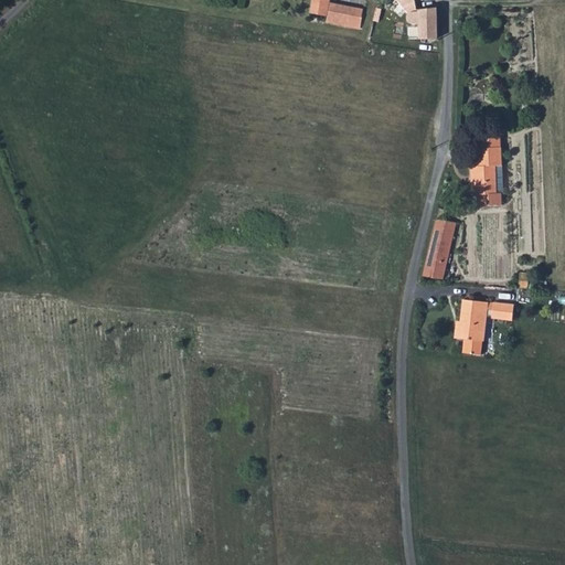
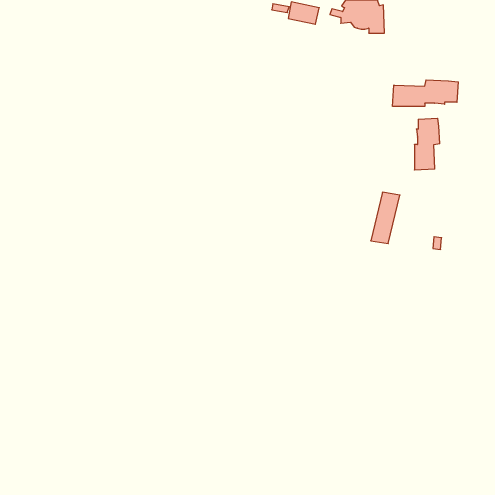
building: none -> [393,80,458,106]
building: [454,299,513,353] -> none

